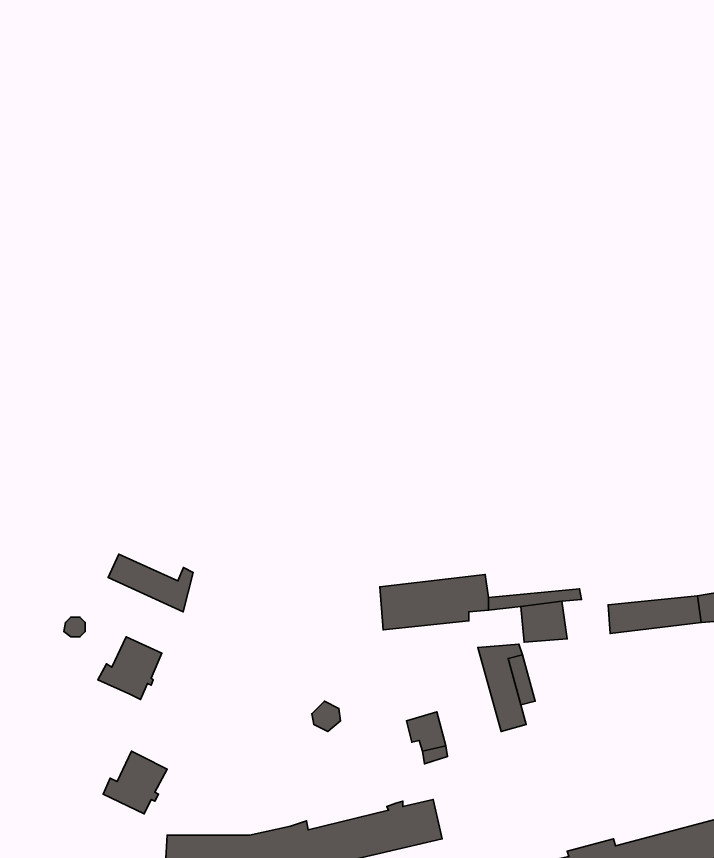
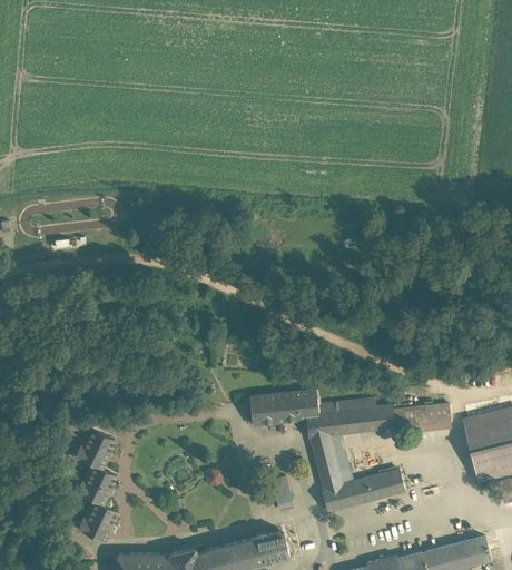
building: [108,554,193,612] -> none
building: none -> [364,405,394,431]
building: none -> [306,411,341,438]
building: none -> [77,465,117,504]
building: none -> [322,470,405,511]

